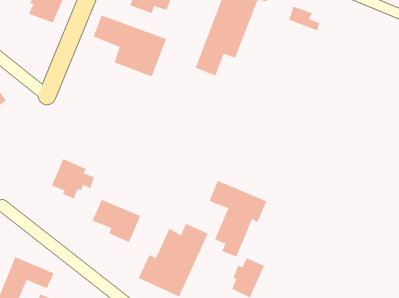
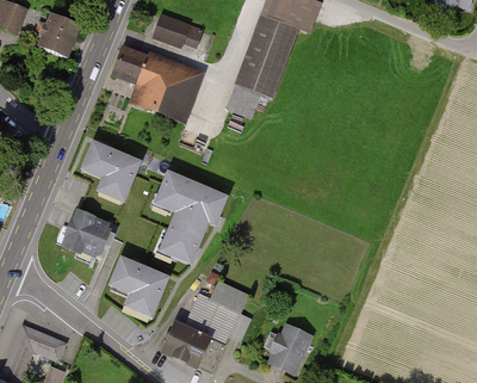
building: [288,6,320,31] -> none
building: none -> [83,142,140,192]
building: [209,180,267,257] -> [159,173,225,261]

